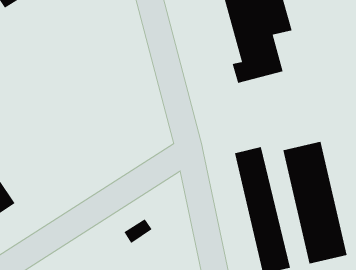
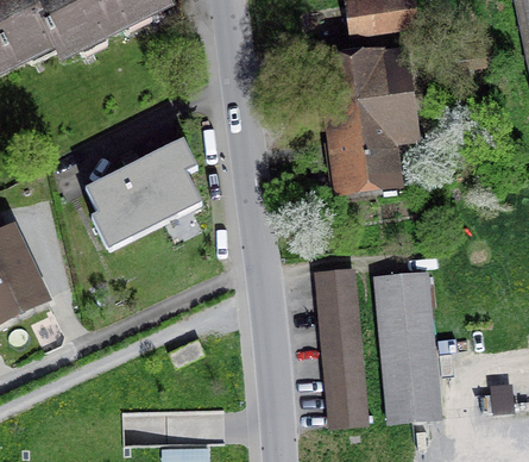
building: none -> [87,142,199,243]

